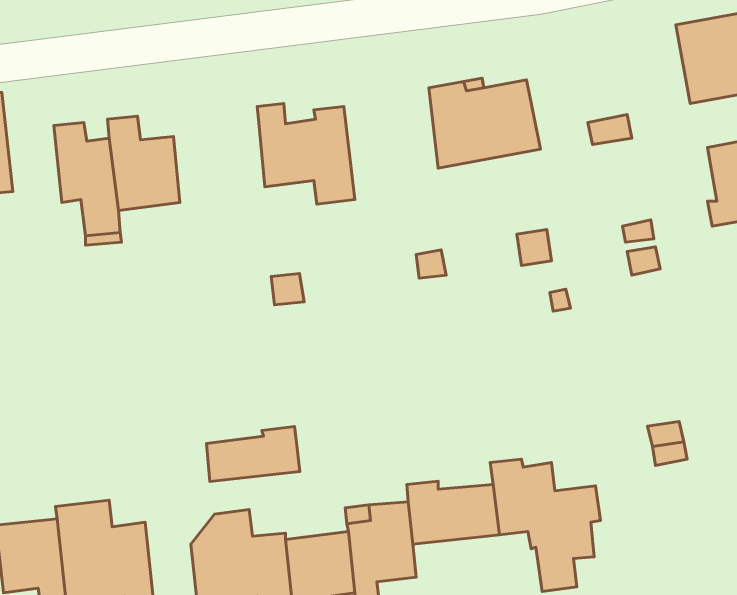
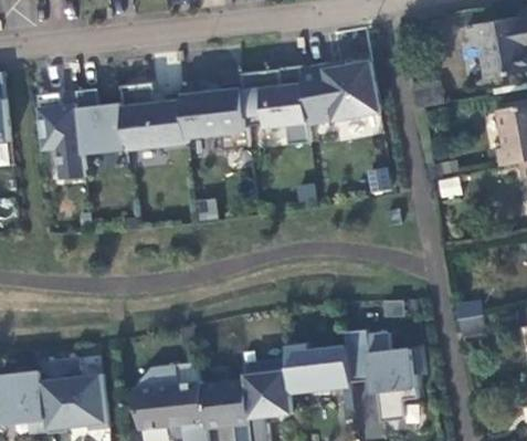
building: none -> [241,66,310,145]
building: none -> [120,82,188,149]
building: [207,427,300,481] -> none

